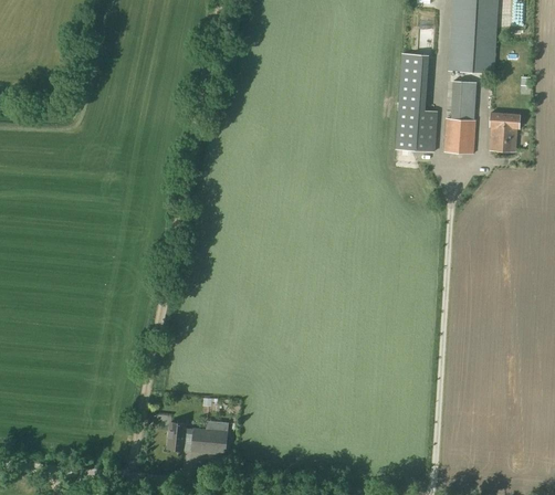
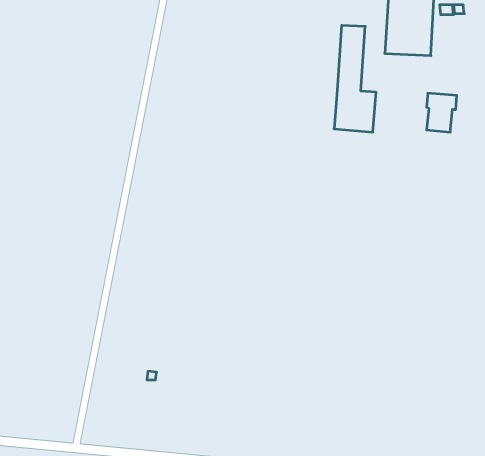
building: [444,81,477,155] -> none
building: [169,421,232,456] -> none

